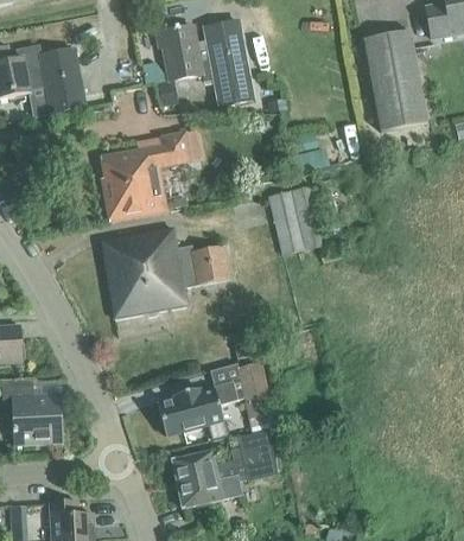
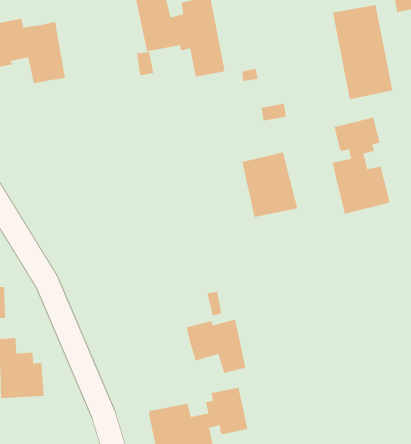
building: [100,132,190,222] -> none
building: none -> [332,117,390,215]
building: [102,229,230,320] -> none
building: [158,386,223,438] -> none

